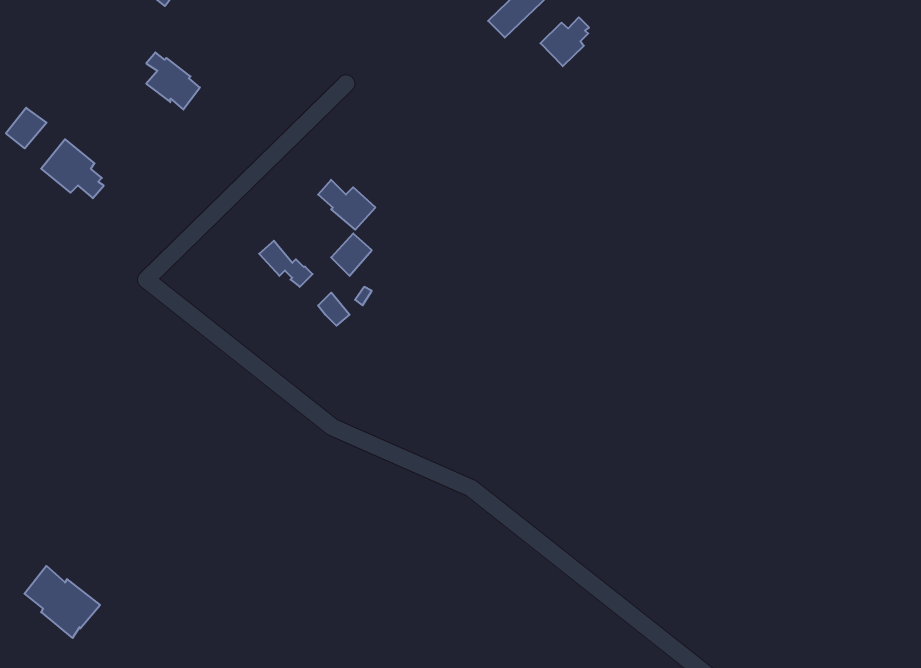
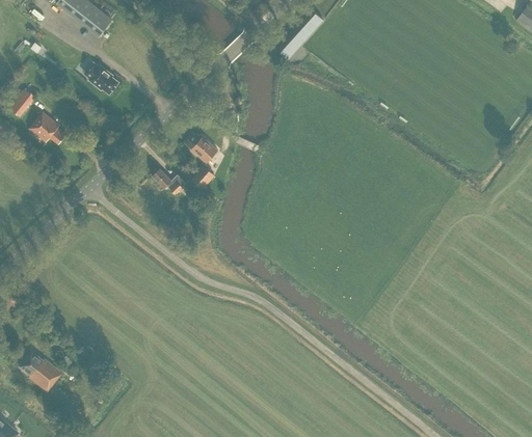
building: [540,17,589,66] -> none

